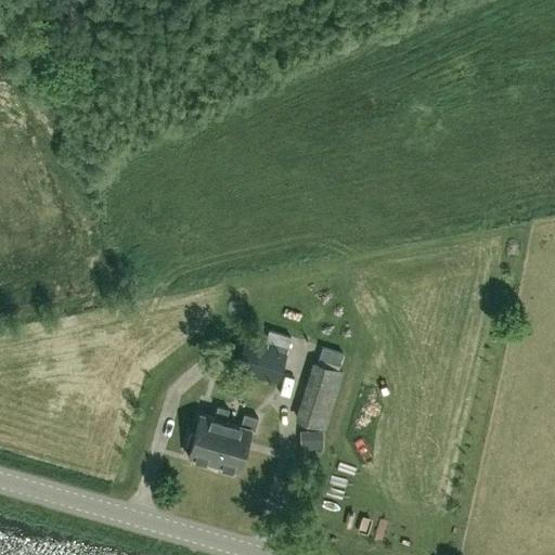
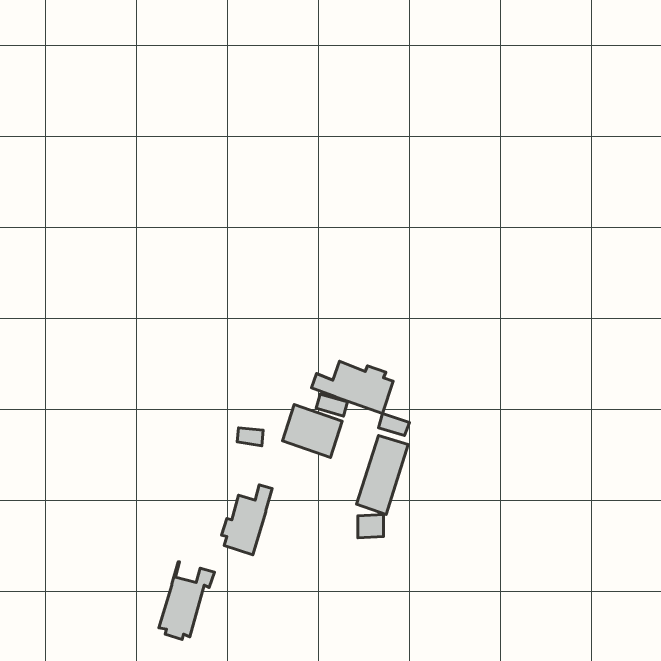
building: none -> [311,361,393,413]
building: [212,410,259,475] -> [159,562,214,639]

